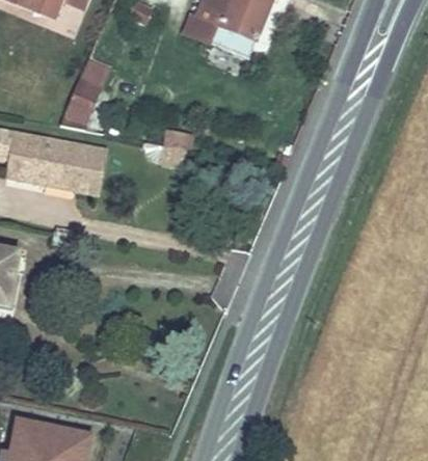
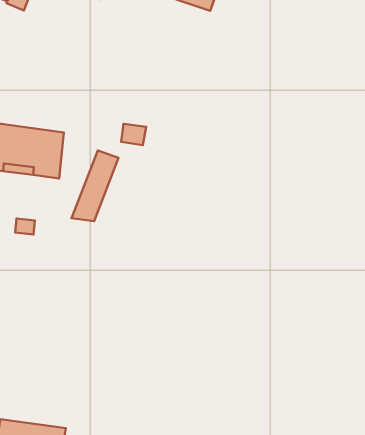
building: [59,59,108,128] -> [72,151,118,221]

